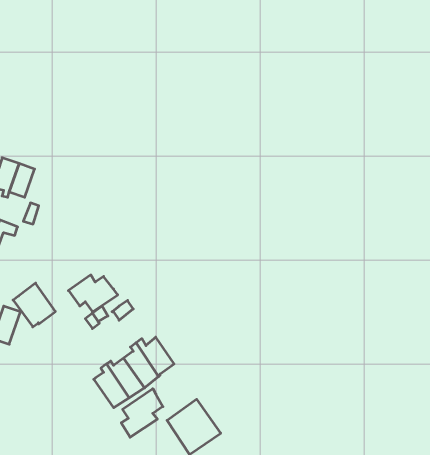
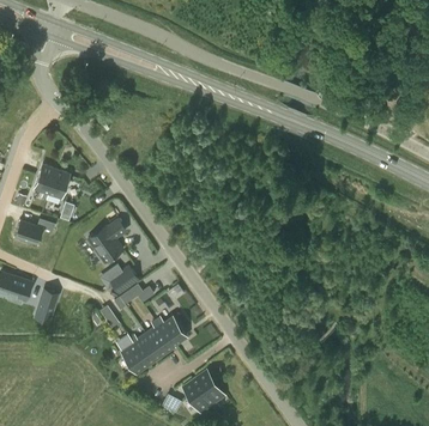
building: [13,283,55,327] -> [87,225,123,262]
building: [121,389,163,437] -> none

